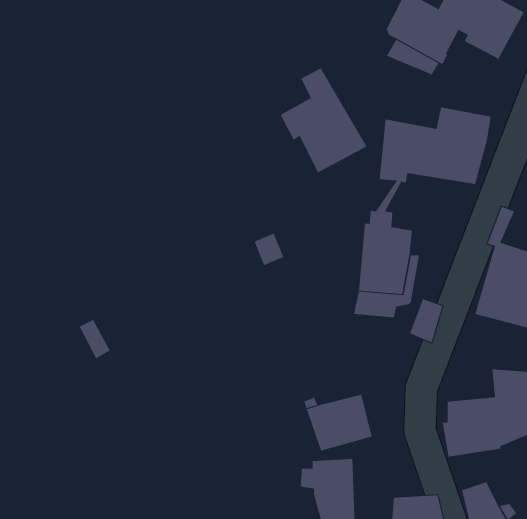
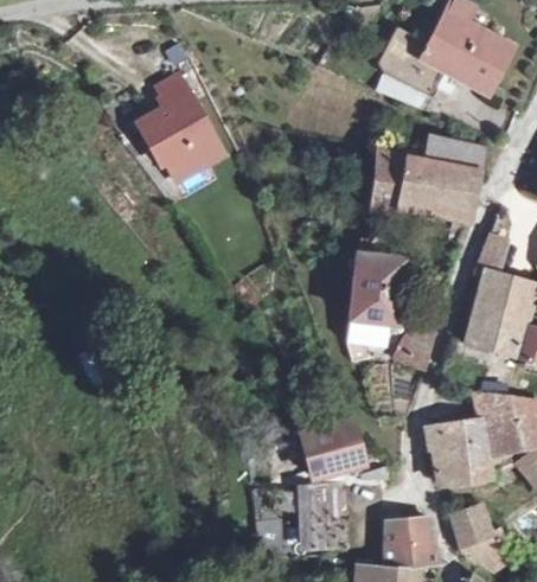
building: [280,68,367,173] -> [138,76,223,179]

